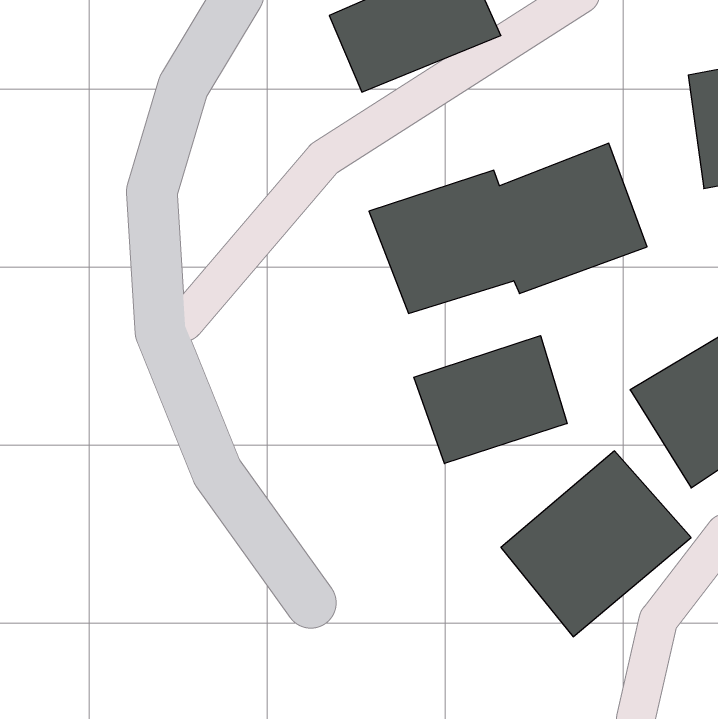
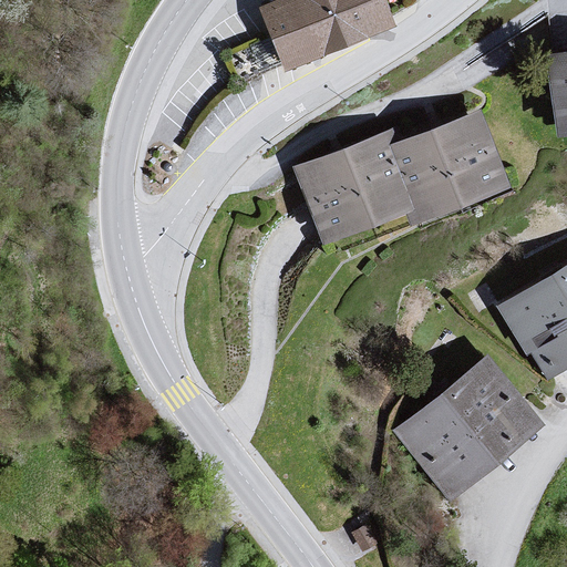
building: [414,336,567,464] -> none

